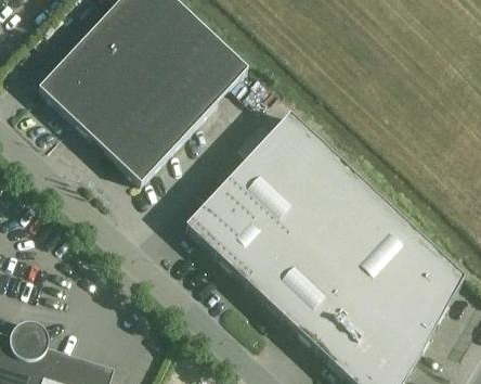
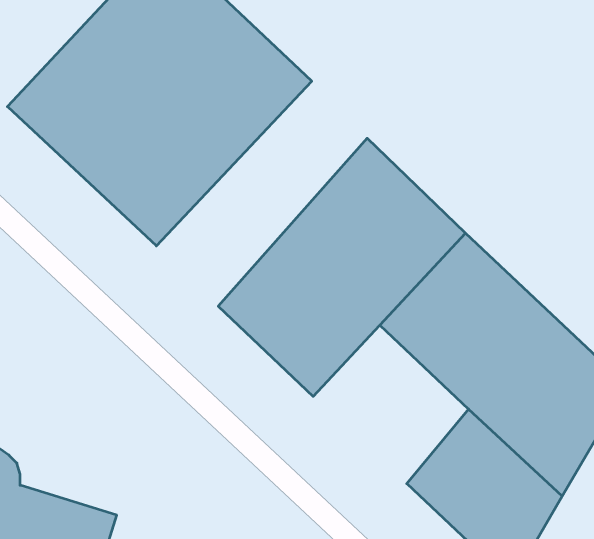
building: [248,236,354,345] -> none

